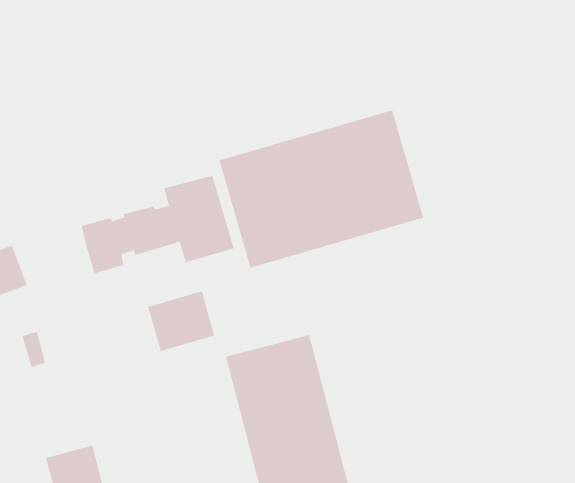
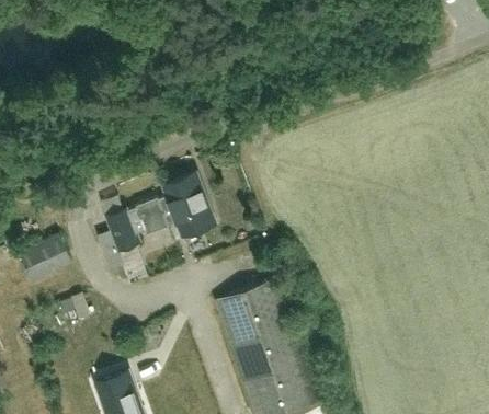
building: [219,110,424,268] -> none
building: [148,291,215,352] -> none

